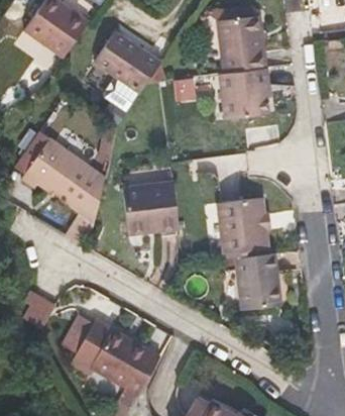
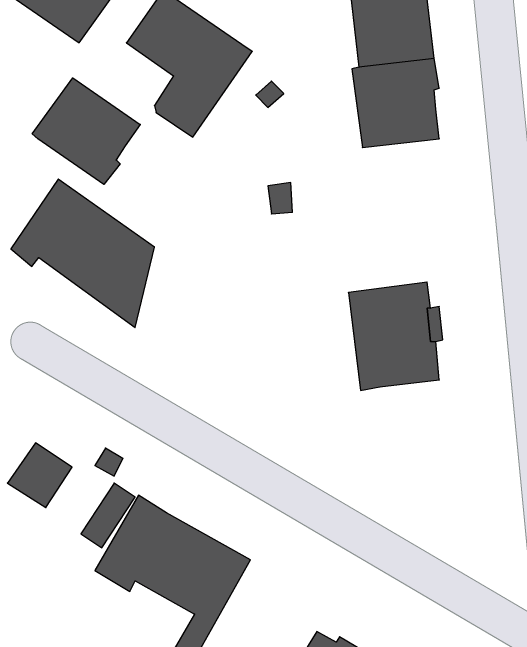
building: none -> [32,78,140,184]
building: [122,181,180,234] -> none
building: [235,252,278,310] -> none

